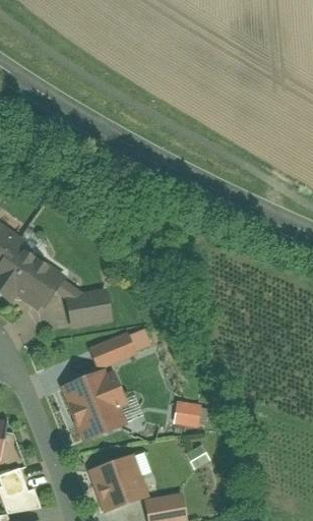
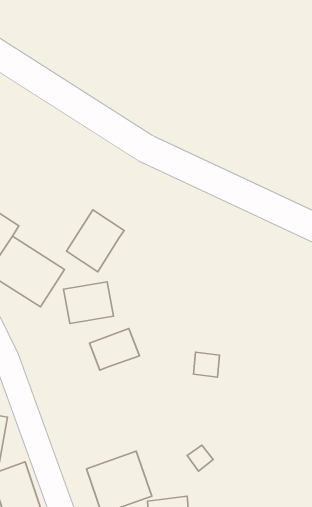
building: none -> [66,210,124,272]
building: [60,370,125,442] -> none
building: [173,401,198,425] -> [193,352,219,377]

